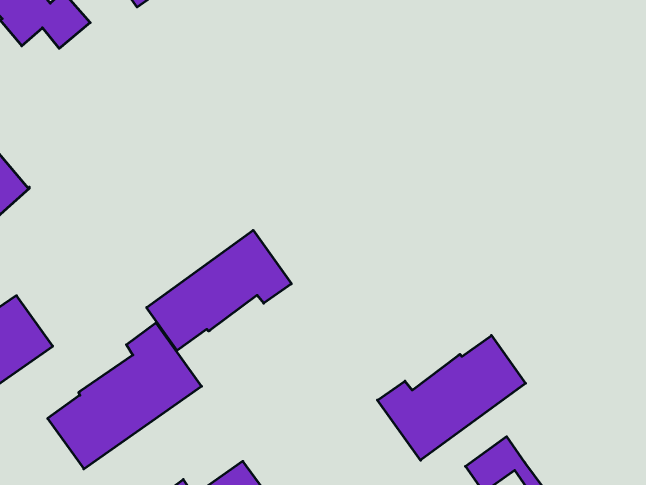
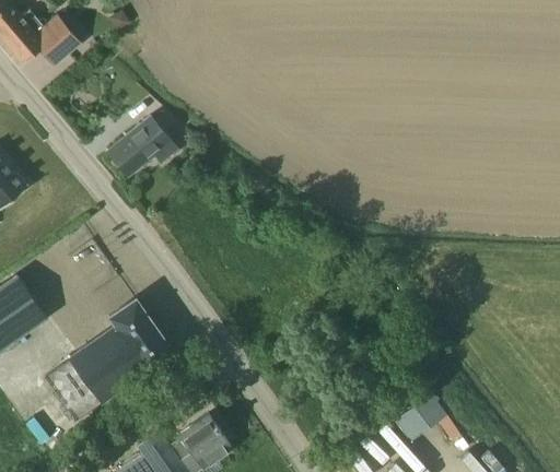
building: none -> [105,110,177,177]
building: [147,230,291,350] -> none
building: [377,335,526,460] -> none

